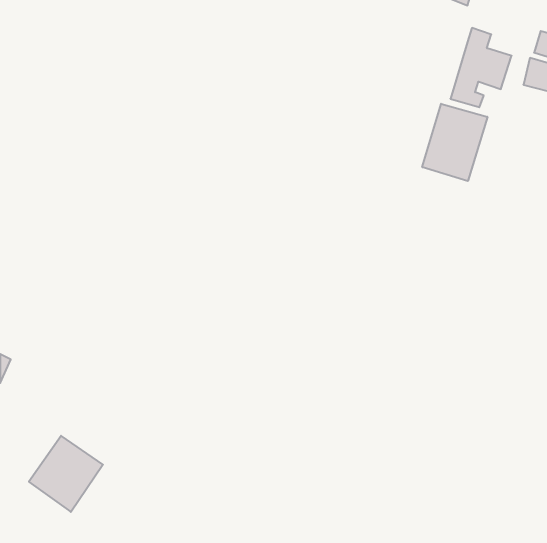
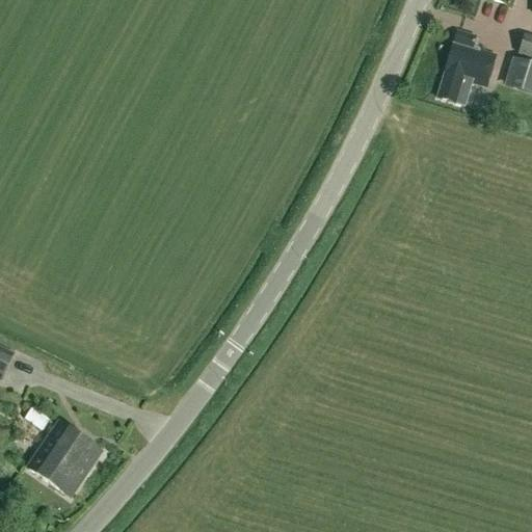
building: [422,104,487,181] -> none

